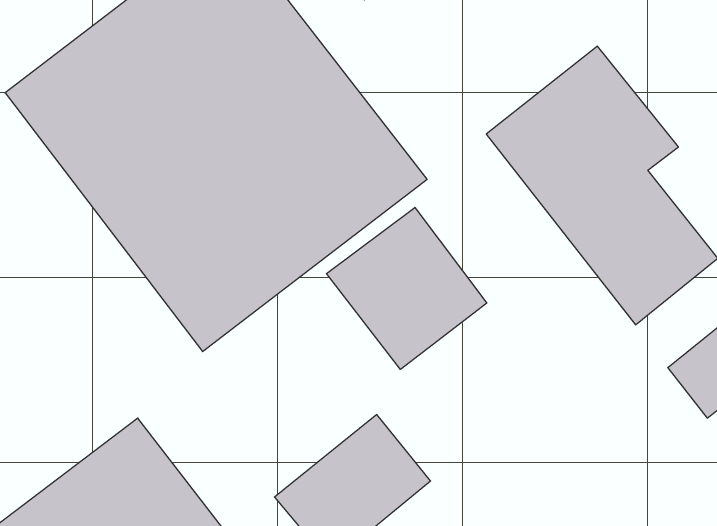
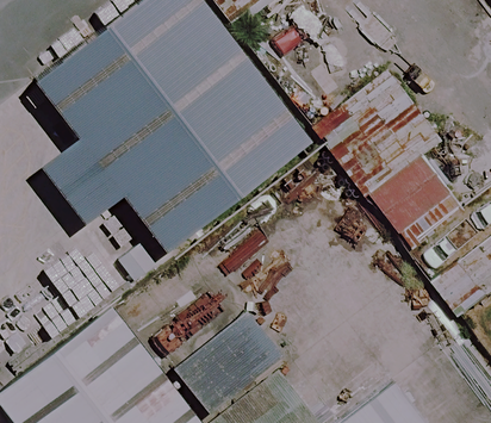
building: [326,207,487,369] -> none

